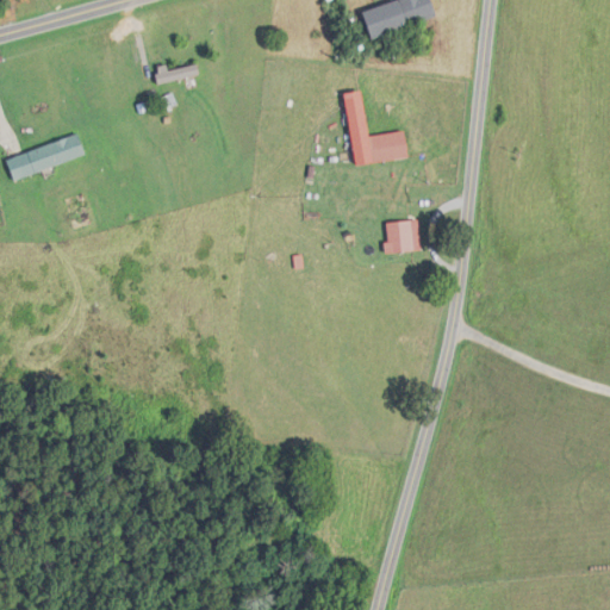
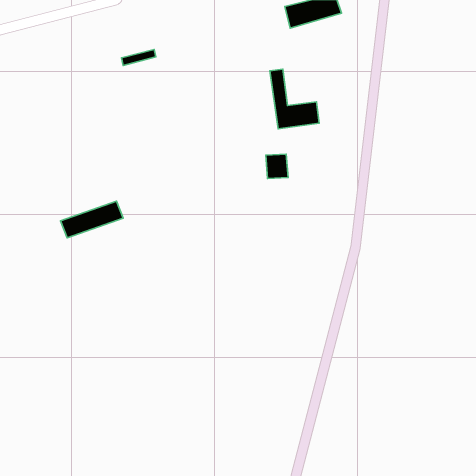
building: [6,133,86,180] -> [60,201,123,238]
building: [385,220,413,251] -> [266,154,288,178]

